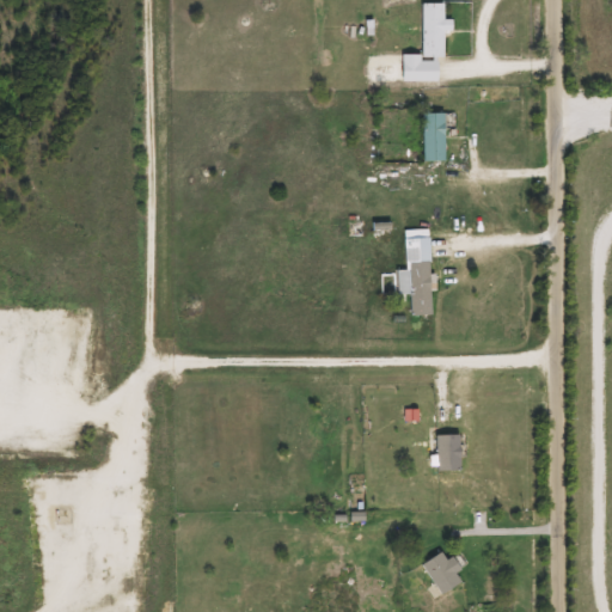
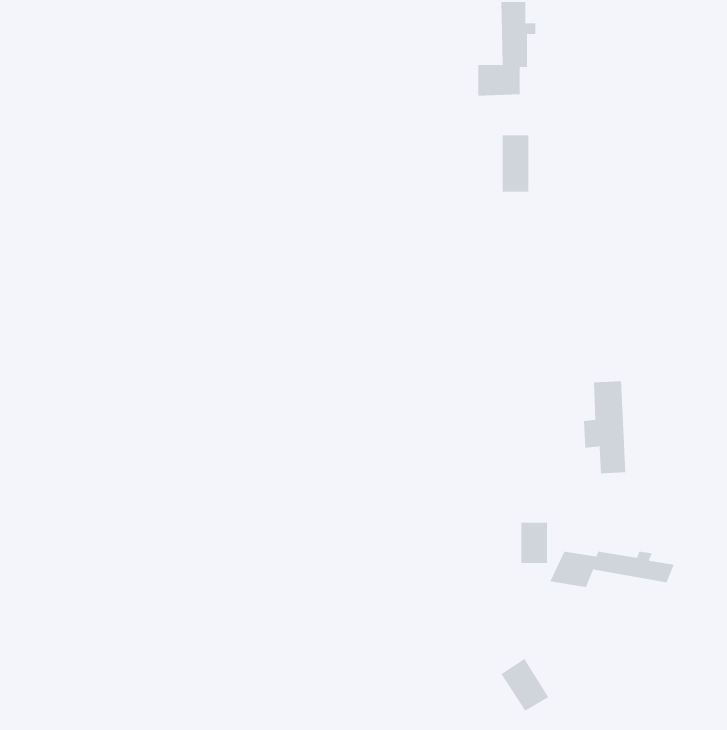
building: [398,237,434,314] -> [583,381,626,474]
building: none -> [549,551,675,588]

